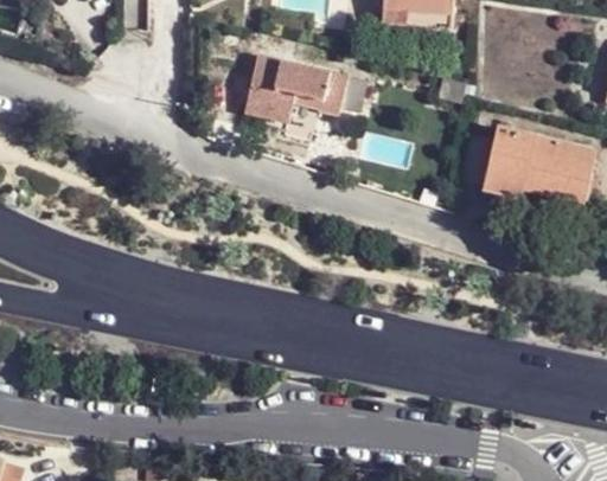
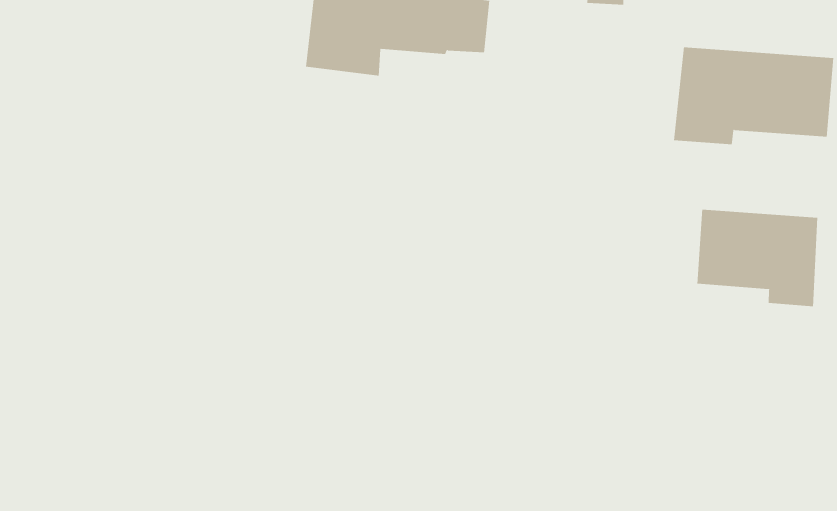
building: none -> [697,209,818,307]

